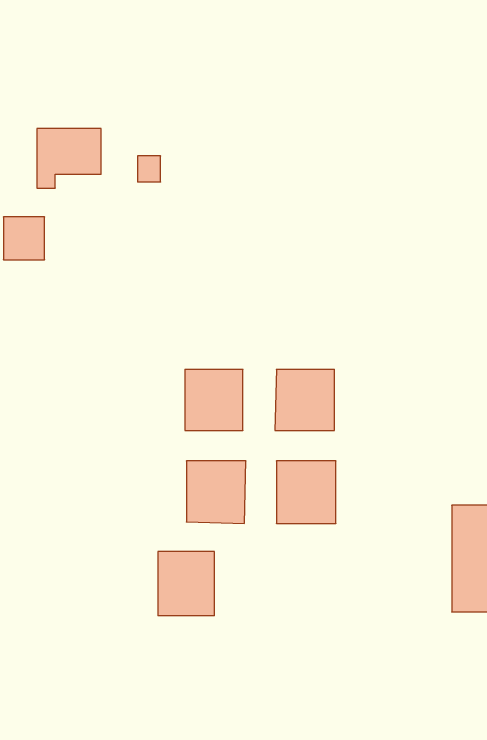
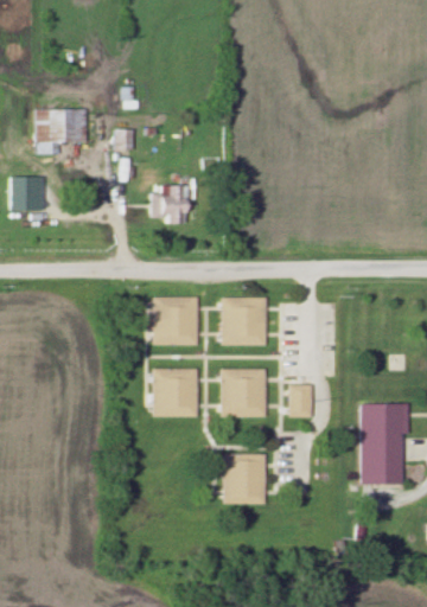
building: none -> [151,180,189,224]
building: none -> [292,383,313,417]
building: [158,552,214,616] -> [224,454,268,504]

